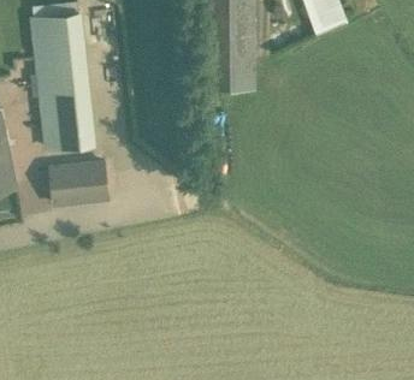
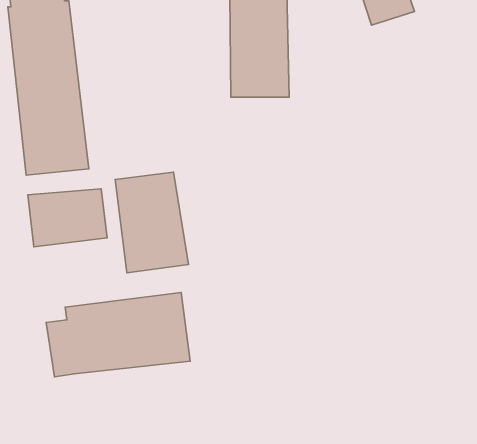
building: none -> [115,172,189,273]
building: none -> [46,293,190,377]

